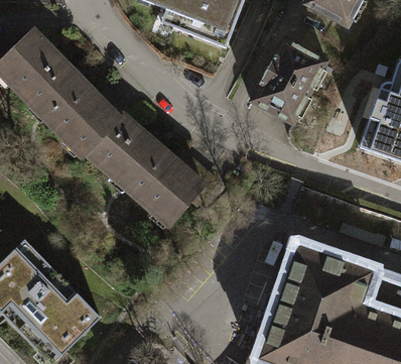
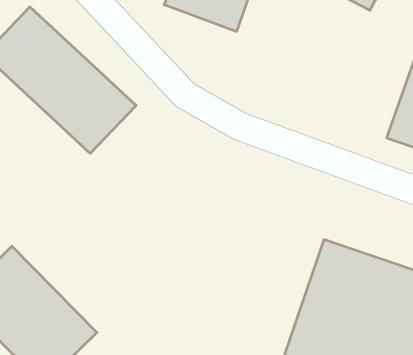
building: [248,39,323,123] -> none
building: [92,114,213,231] -> none

